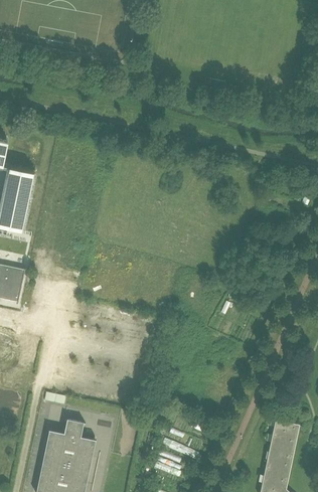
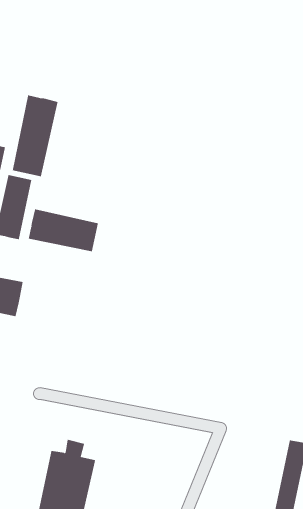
building: none -> [12,95,58,177]
building: none -> [28,209,98,252]

